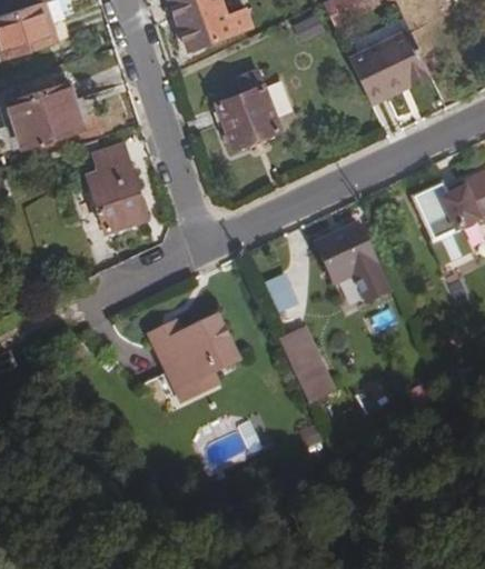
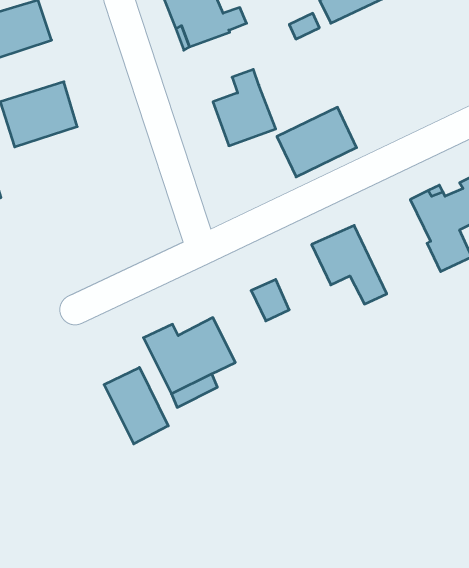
building: [350,29,429,98] -> [277,107,357,177]
building: [88,143,147,231] -> none
building: [281,329,335,402] -> none
building: none -> [104,367,168,444]

